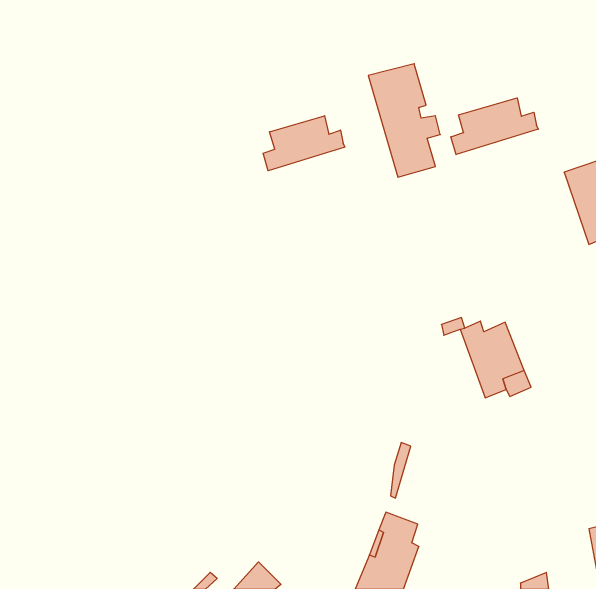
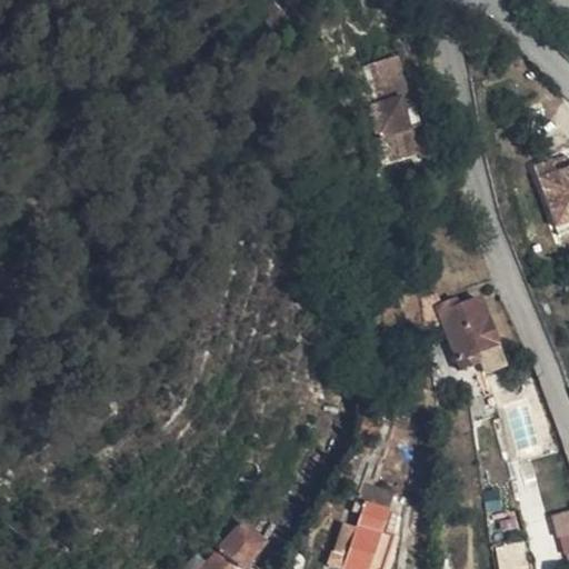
building: [451,98,538,155] -> none
building: [263,116,345,171] -> none

